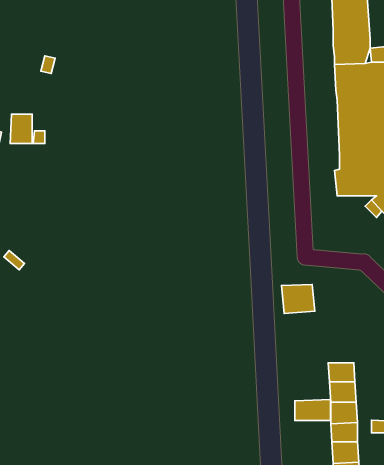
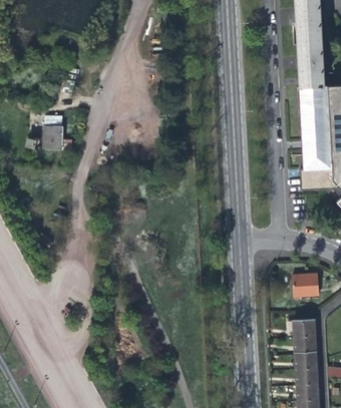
building: [282,284,315,314] -> [292,275,318,298]
building: [295,400,331,421] -> none

